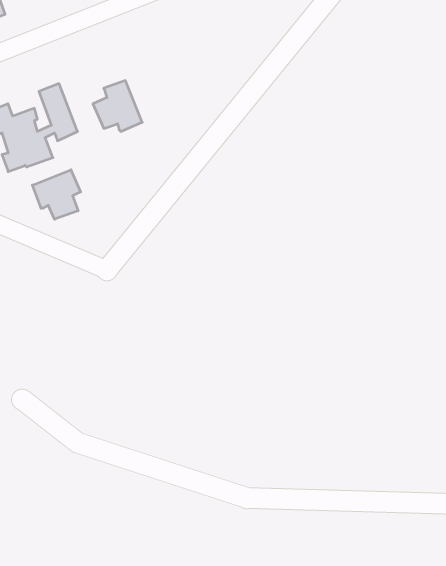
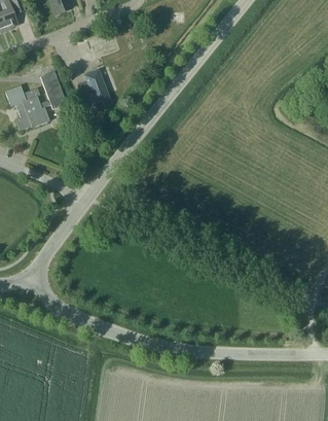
building: [32,170,81,219] -> none

